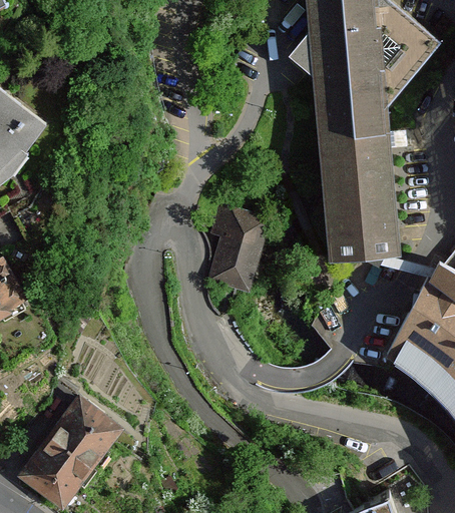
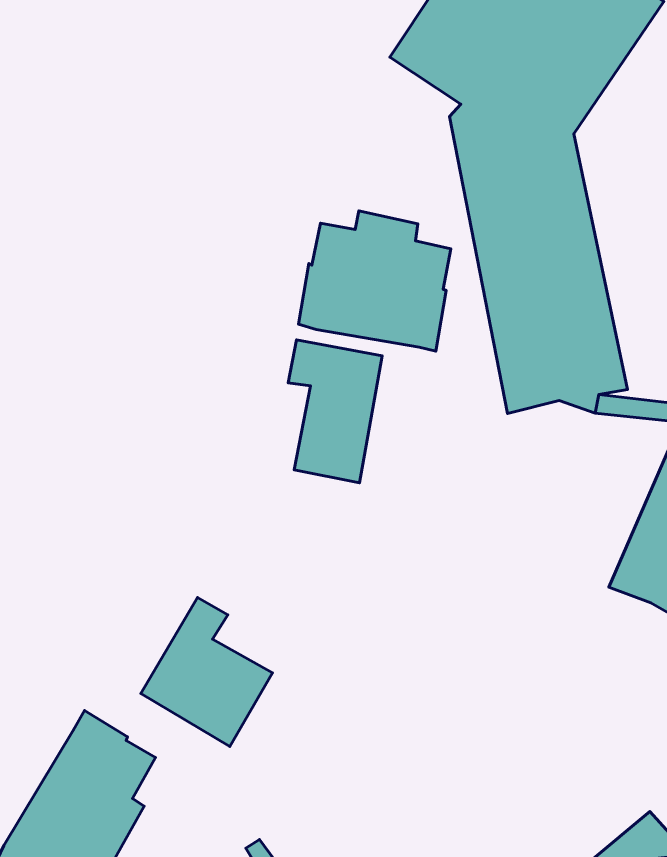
building: none -> [298,211,451,351]
building: none -> [141,597,272,746]

